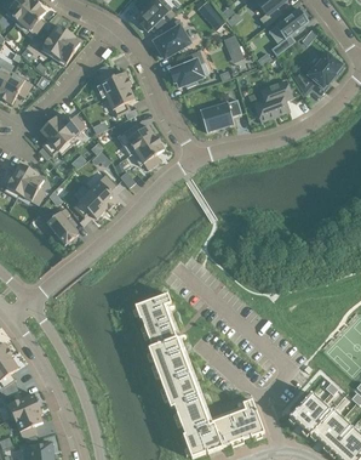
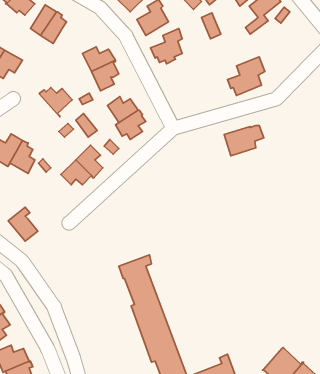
building: [293,52,340,92] -> none
building: [199,100,241,132] -> [224,125,264,156]
building: [39,120,71,155] -> none
building: [46,208,78,244] -> [8,207,38,241]

